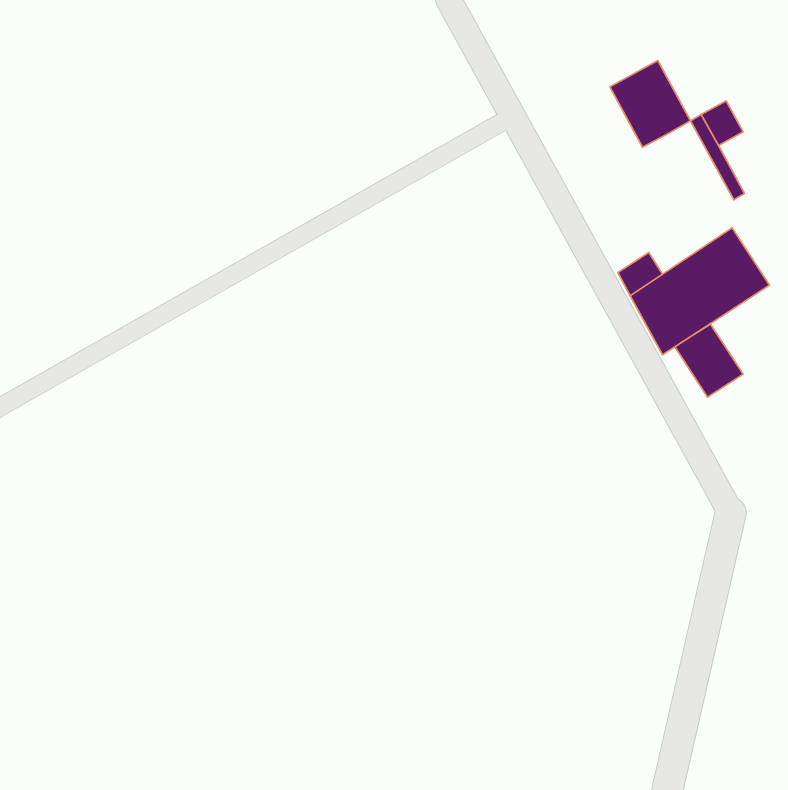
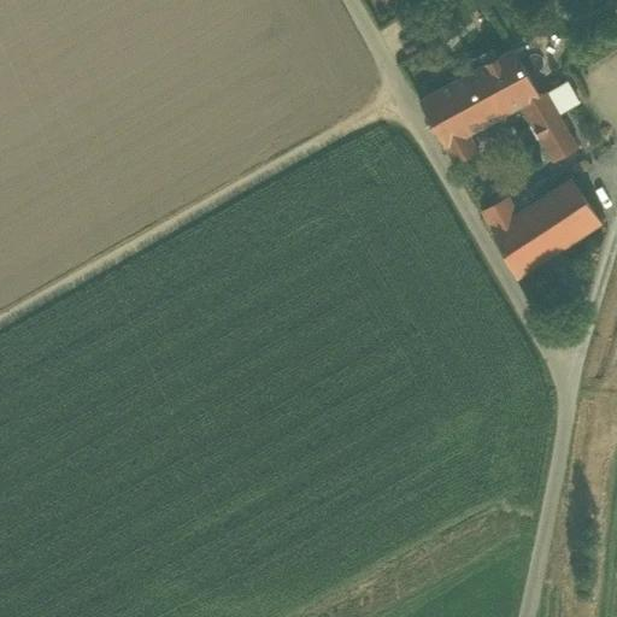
building: none -> [419,69,500,163]
building: none -> [518,95,571,164]
building: [675,324,743,397] -> none

